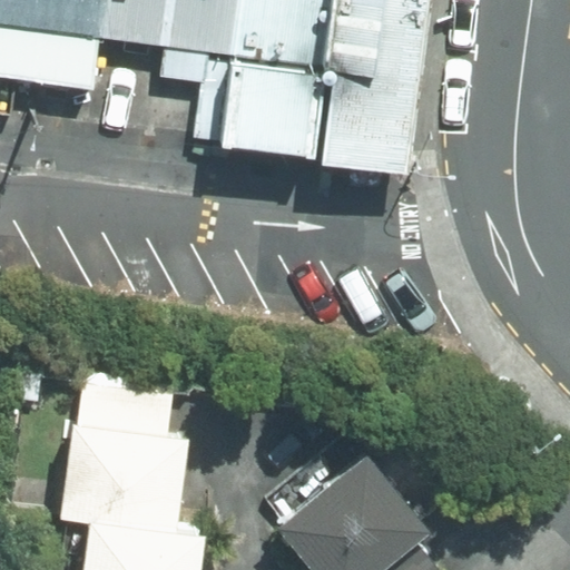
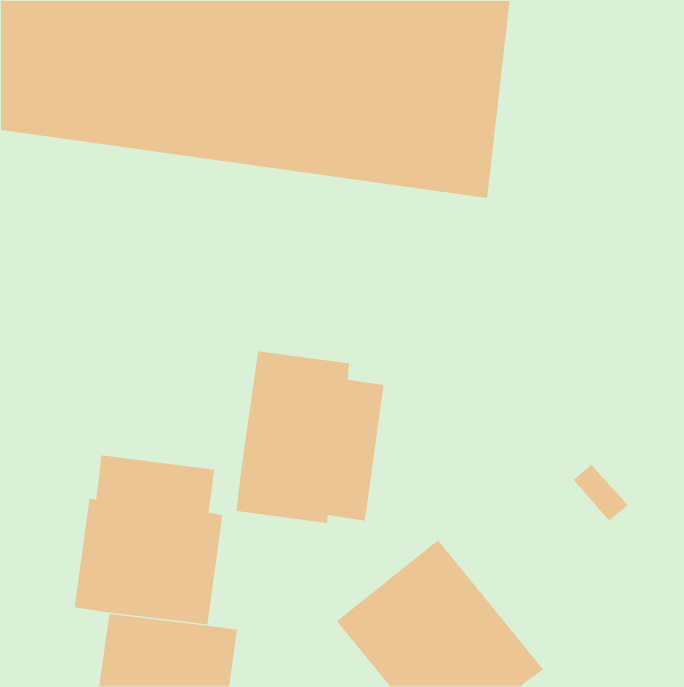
building: none -> [235,350,384,524]

